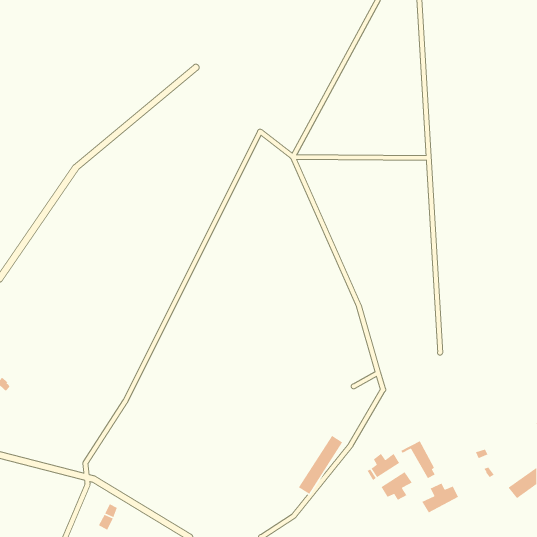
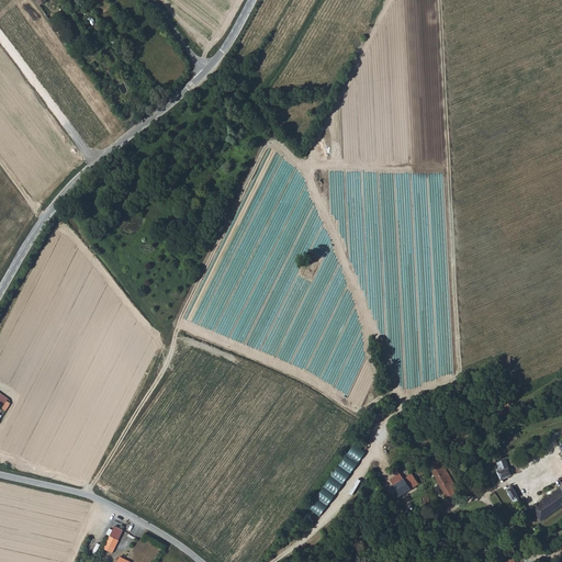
building: [380,471,413,501] -> none
building: [421,483,459,514] -> none

